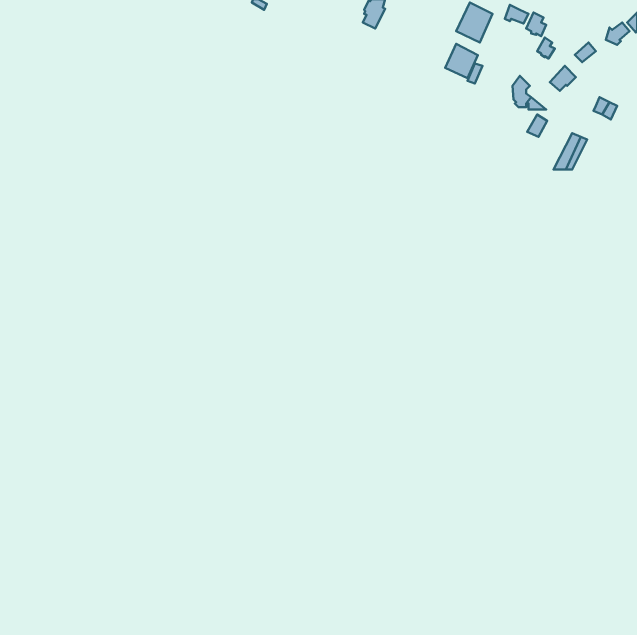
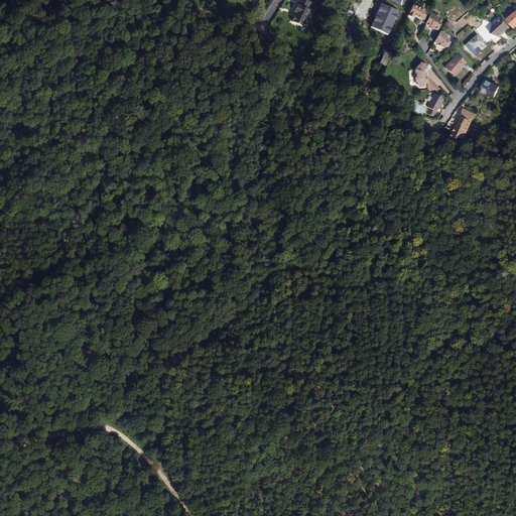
building: [445,44,478,78] -> none

